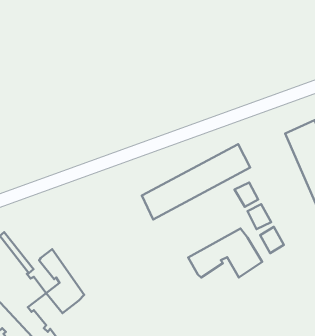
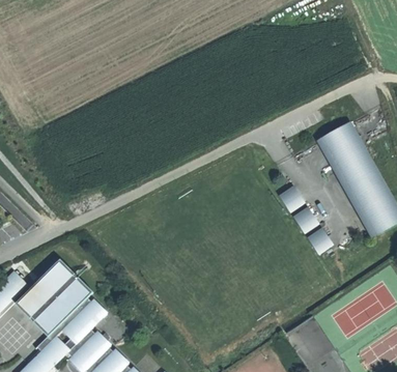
building: [142,144,250,220] -> none
building: [188,228,262,278] -> none
building: [39,249,84,313] -> none

